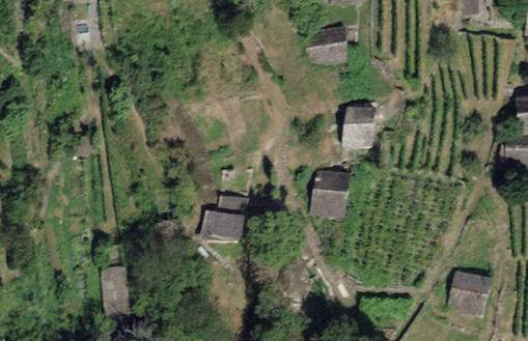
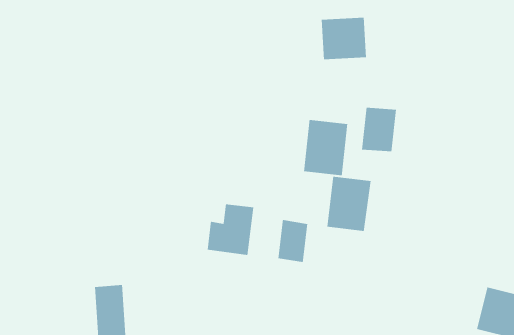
building: none -> [303,119,348,176]
building: none -> [278,219,308,263]

